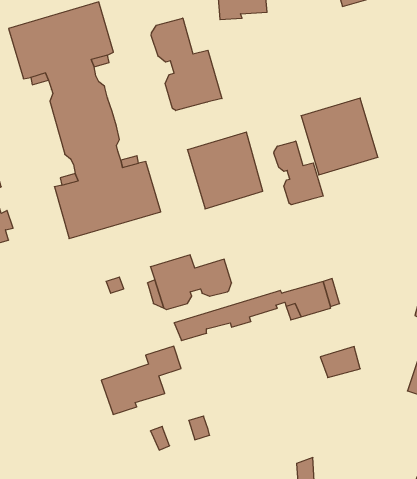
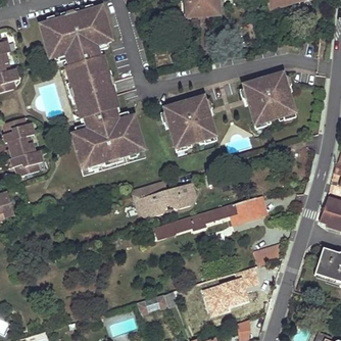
building: [151,18,222,111] -> none
building: [274,141,323,205] -> none
building: [101,346,181,414] -> [204,266,259,313]

